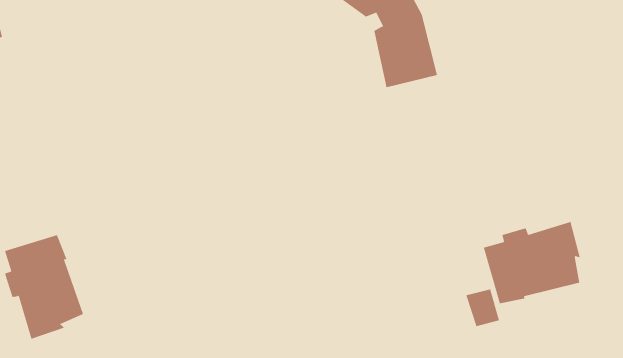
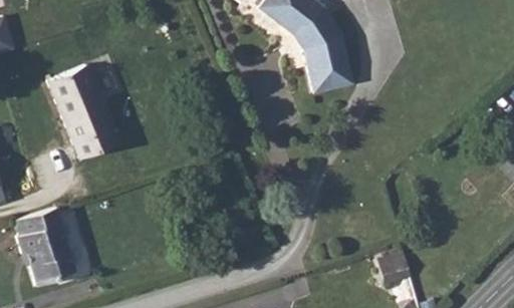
building: none -> [51,65,113,163]
building: [483,221,581,304] -> none

